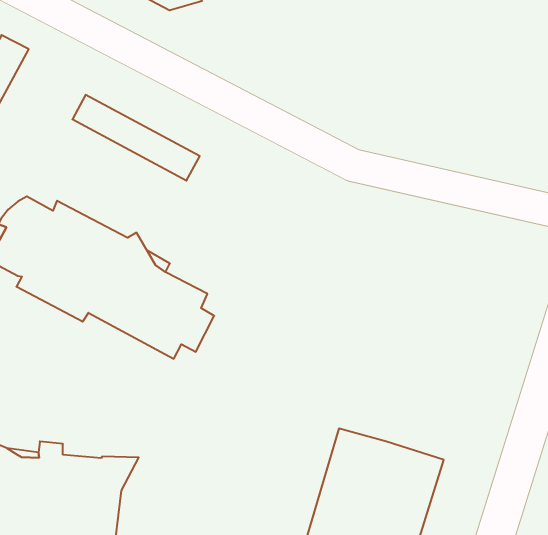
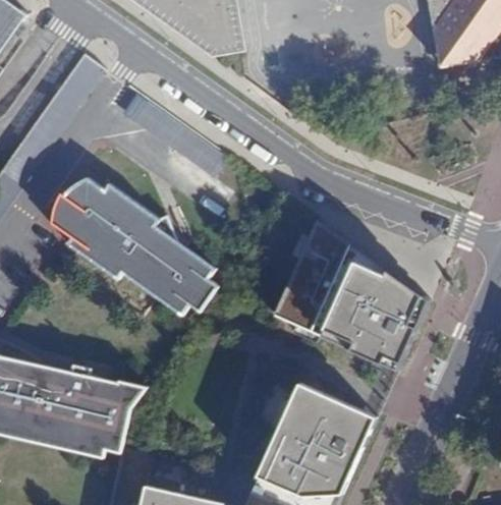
building: none -> [273,218,428,369]

